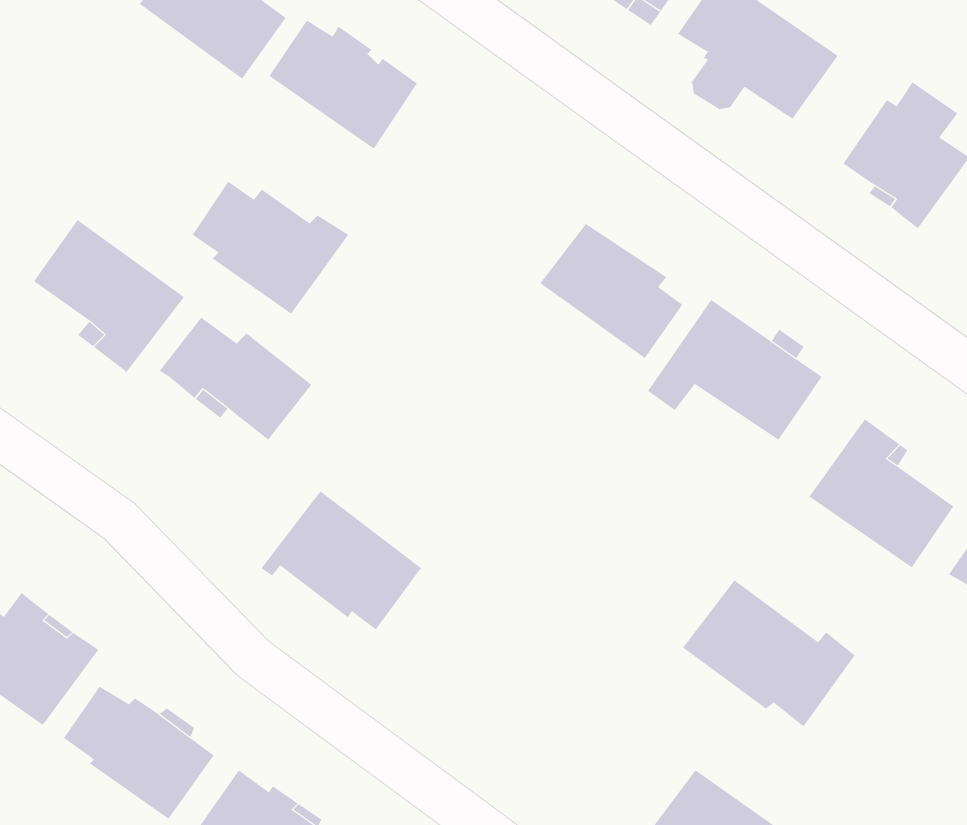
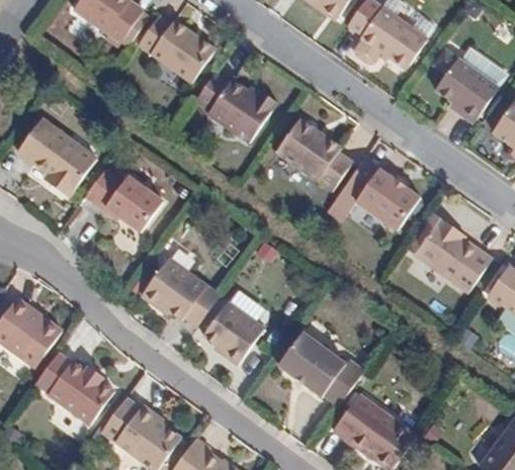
building: [192,181,349,314] -> [198,73,278,140]
building: [682,580,856,727] -> [275,330,363,404]
building: none -> [200,301,262,365]

